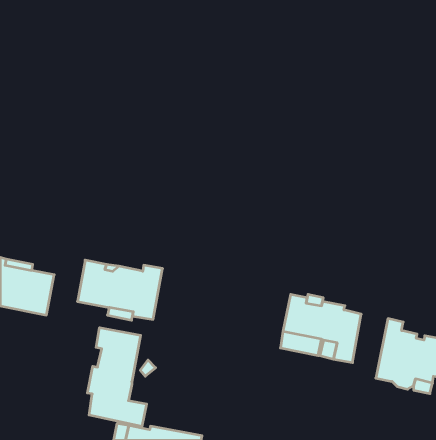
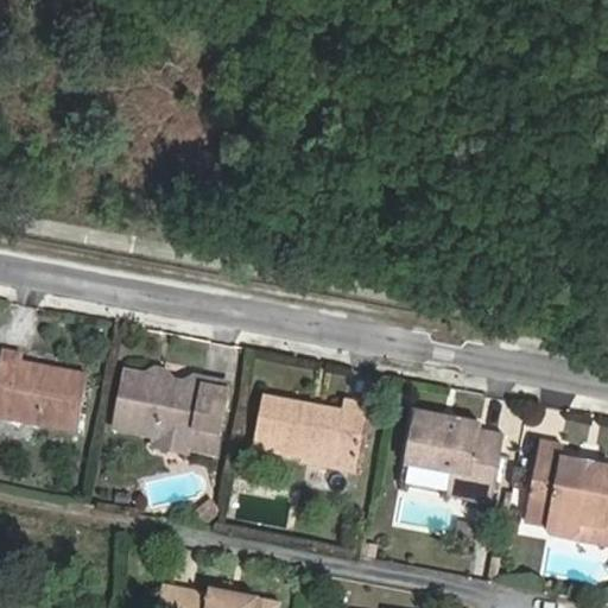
building: none -> [253,399,369,474]
building: [87,328,147,427] -> none

